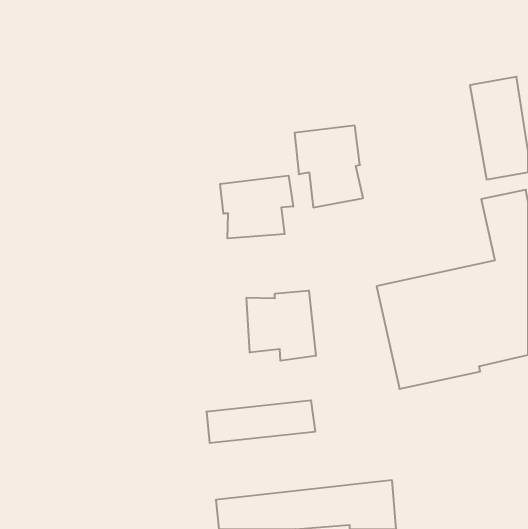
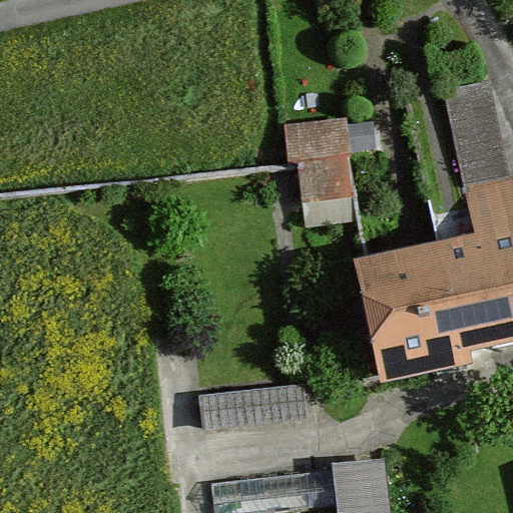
building: [220,176,293,238] -> none
building: [247,290,316,361] -> none

